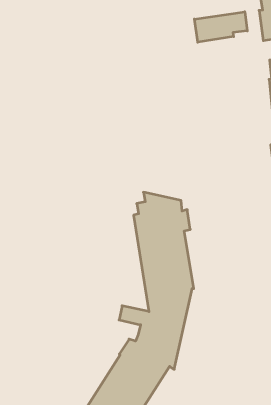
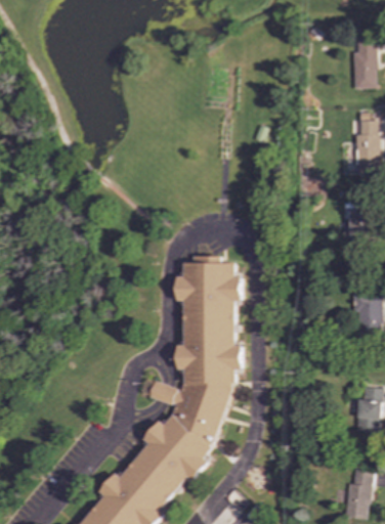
building: [194,12,247,42] -> none

